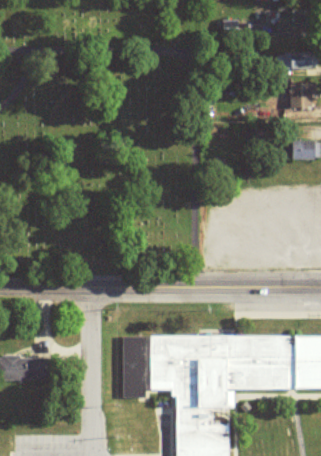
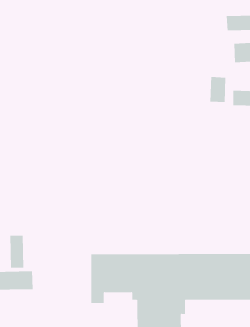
building: none -> [210,76,226,103]
building: none -> [10,235,24,269]

